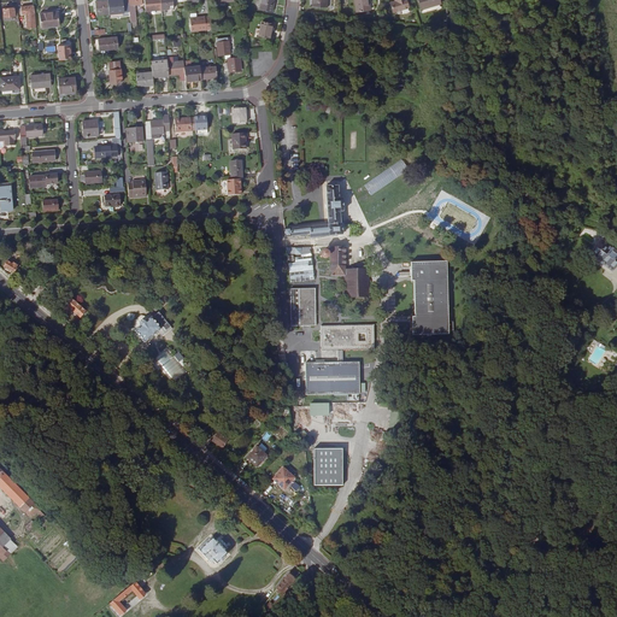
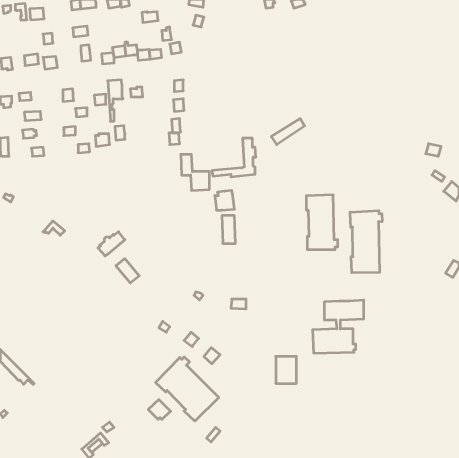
building: [330,247,369,295] -> [181,154,209,190]
building: none -> [350,211,382,273]
building: [305,324,374,395] -> [313,300,364,353]
building: [315,447,342,483] -> [276,356,296,383]
building: none -> [156,357,219,421]

